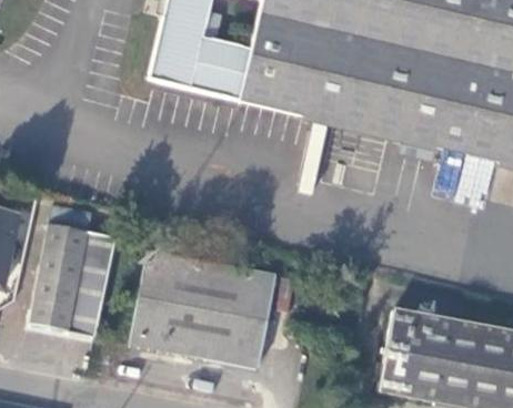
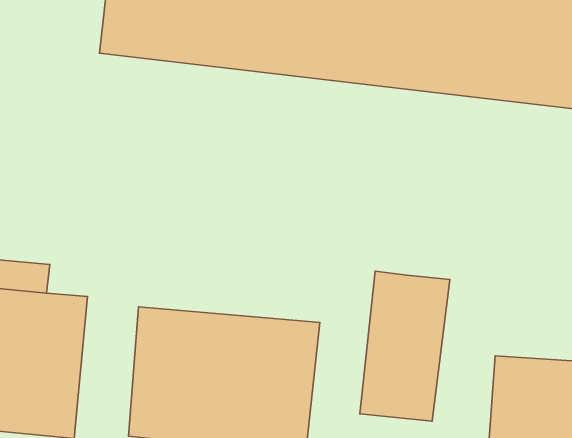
building: none -> [360,271,450,421]

